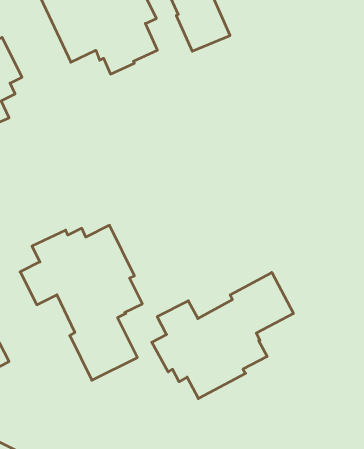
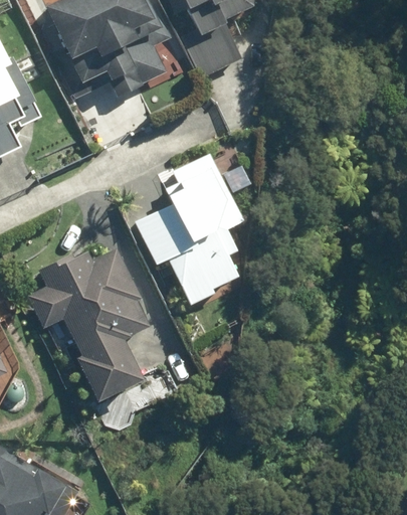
building: none -> [136,152,244,307]
building: [152,272,293,399] -> none

